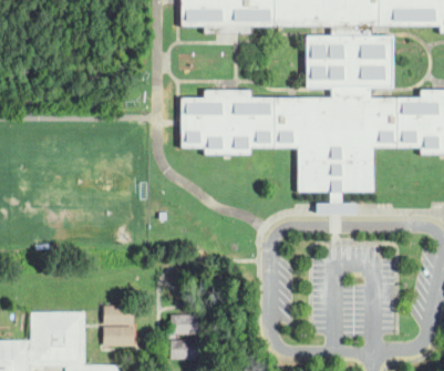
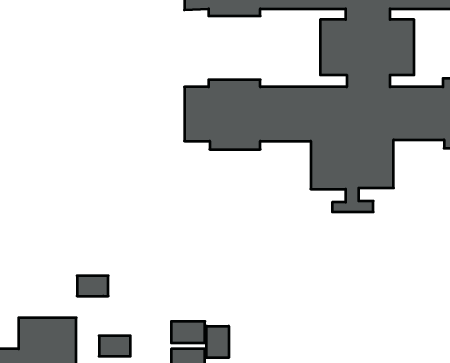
building: [103,306,132,324] -> [77,276,108,296]
building: none -> [207,326,229,358]

